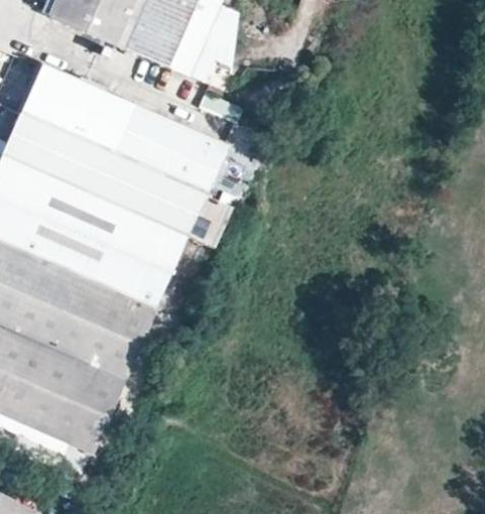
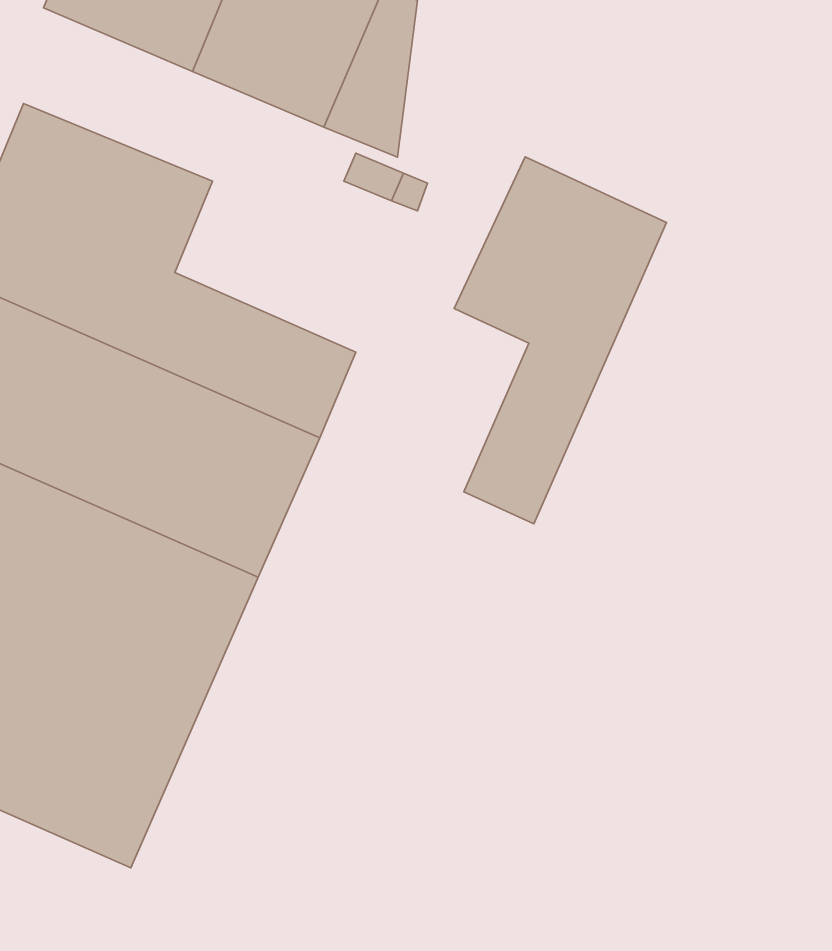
building: none -> [454,157,666,524]
building: [116,100,230,190] -> none

